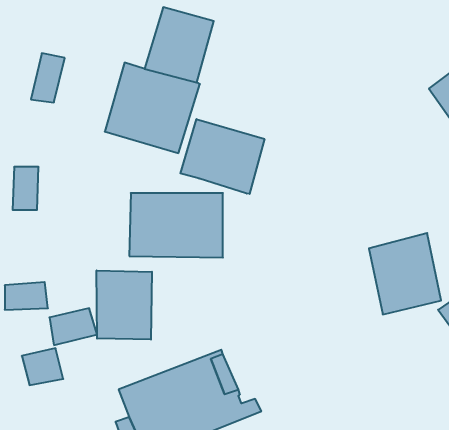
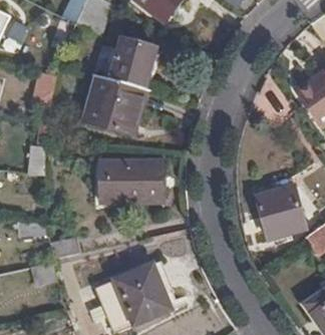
building: [180,119,264,194] -> none
building: [97,270,152,340] -> none

